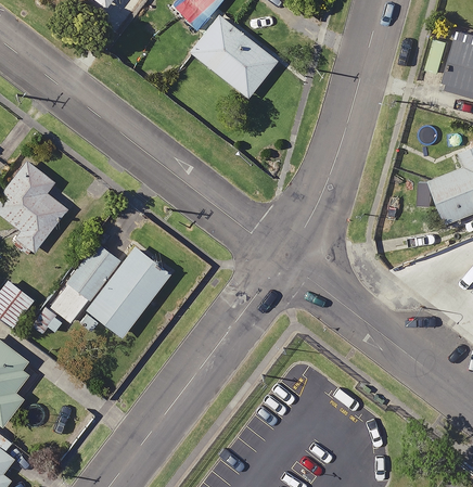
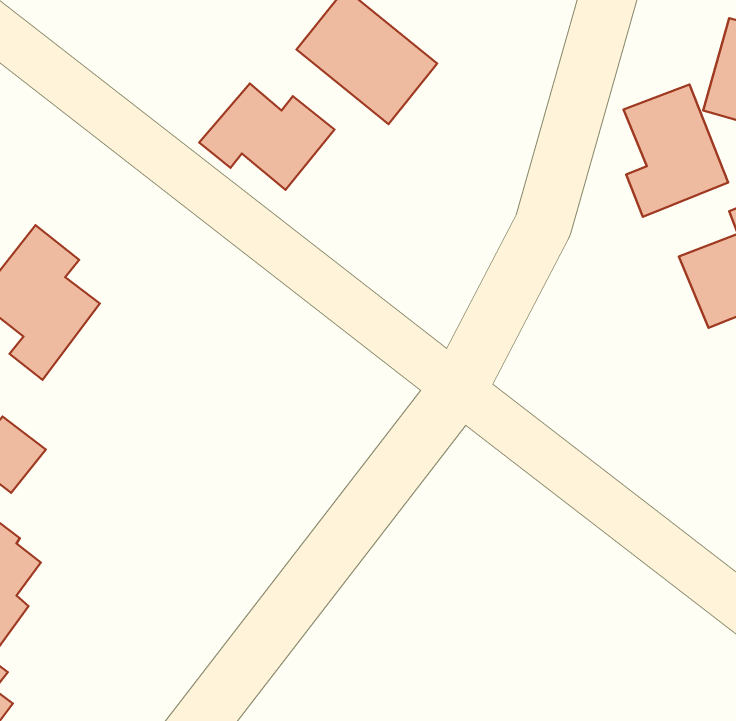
building: none -> [199,84,334,190]
building: none -> [623,85,728,217]
building: [48,243,169,337] -> none

